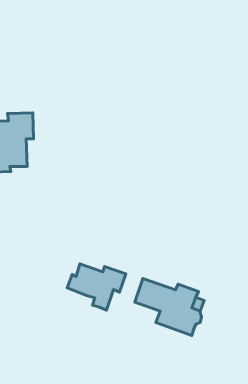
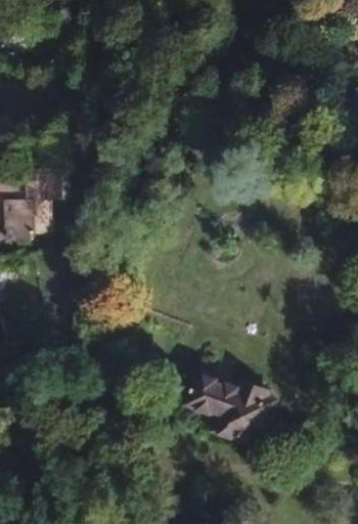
building: [67,264,126,310] -> none

